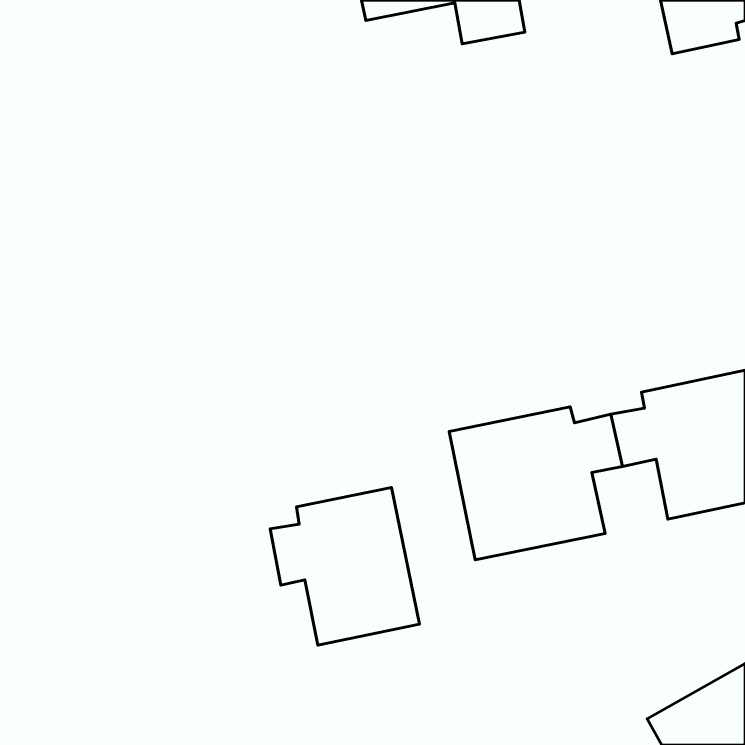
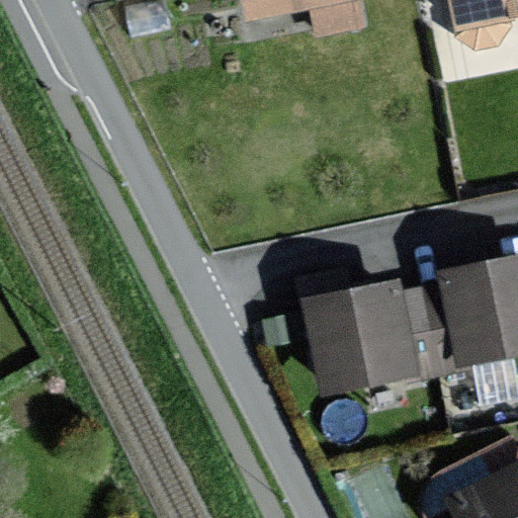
building: [270,487,419,645] -> none

